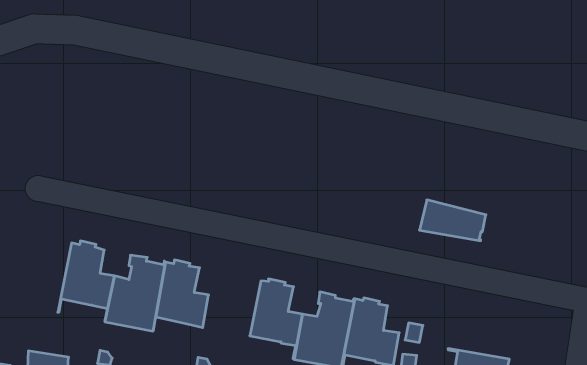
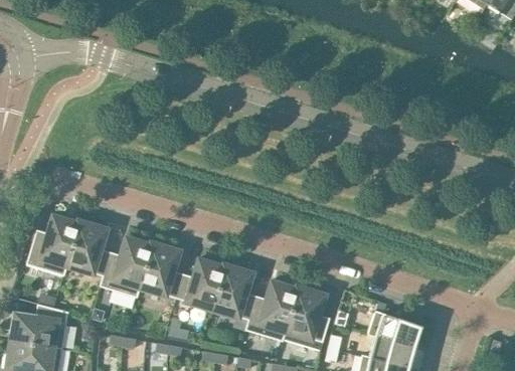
building: [419,200,486,241] -> [367,310,420,346]
building: none -> [26,213,79,274]
building: none -> [176,256,225,308]

